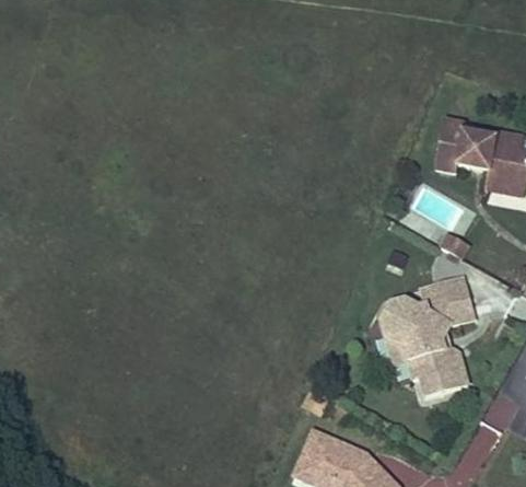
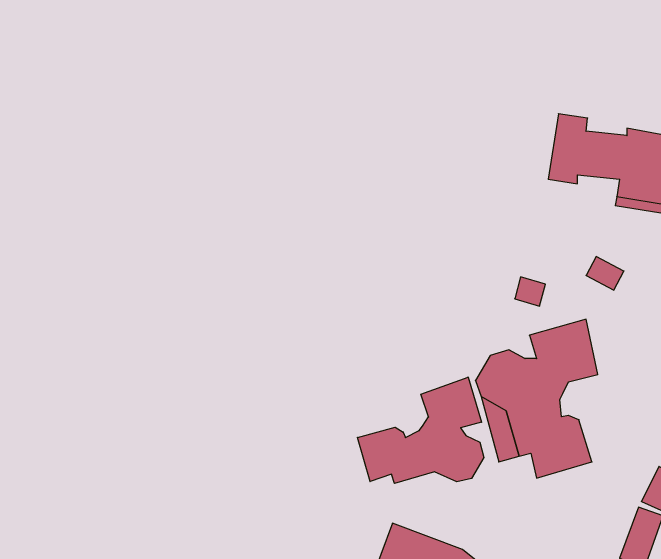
building: none -> [357,377,484,483]

